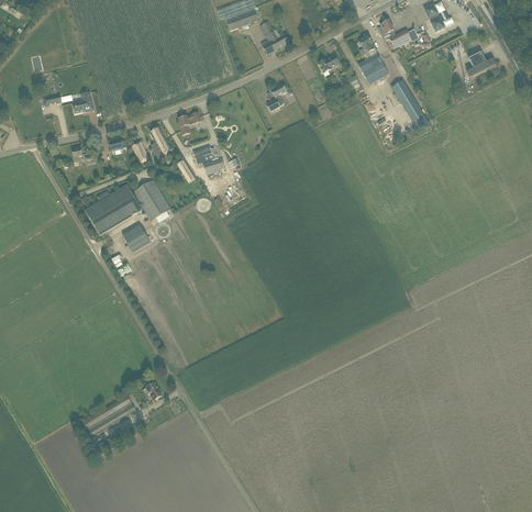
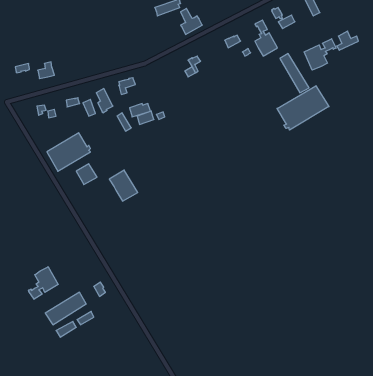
building: none -> [304,39,336,70]
building: none -> [277,86,329,130]
building: [132,178,169,219] -> [109,170,138,201]
building: none -> [29,267,58,299]

